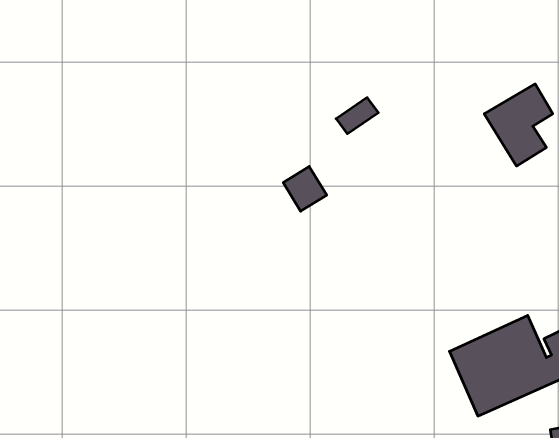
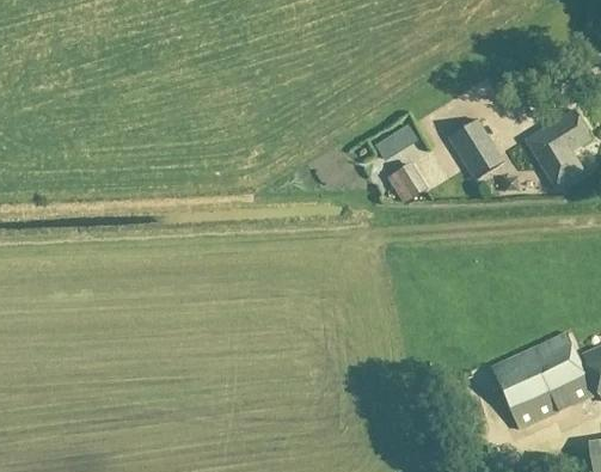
building: none -> [448,118,503,178]
building: [283,166,327,211] -> [386,160,428,203]

